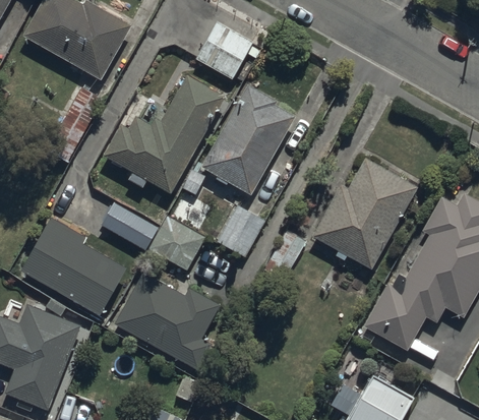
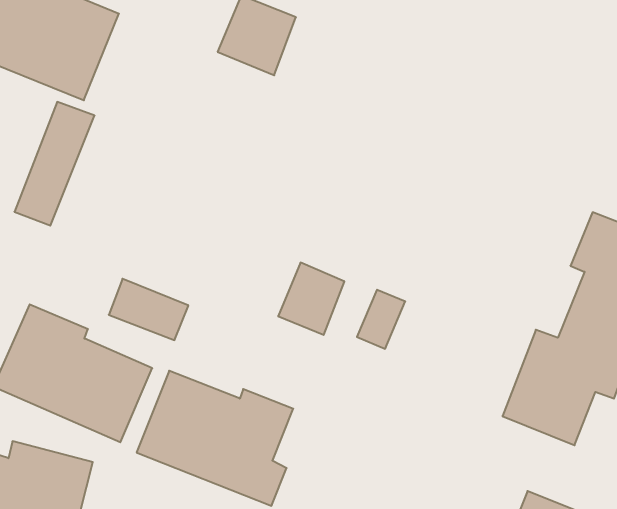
building: [104,75,225,193] -> none
building: [196,83,295,193] -> none
building: [313,158,417,268] -> none
building: [147,218,204,273] -> none

